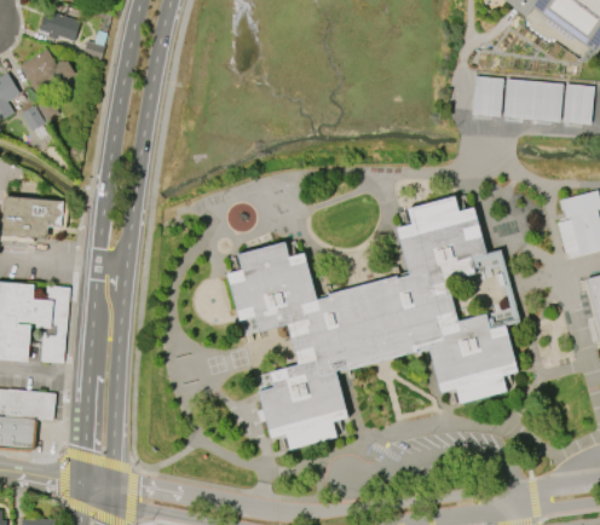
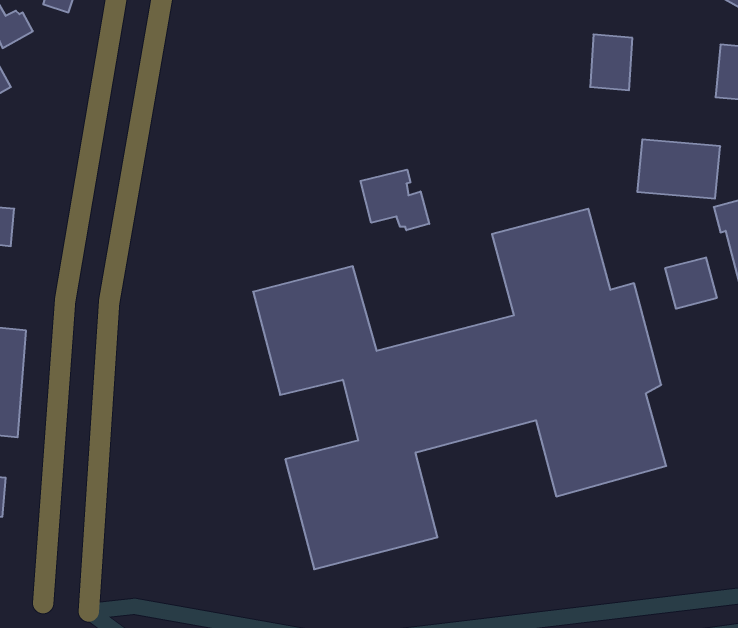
building: [502,77,561,120] -> [637,139,720,199]
building: none -> [360,170,429,230]
building: none -> [665,257,717,309]

